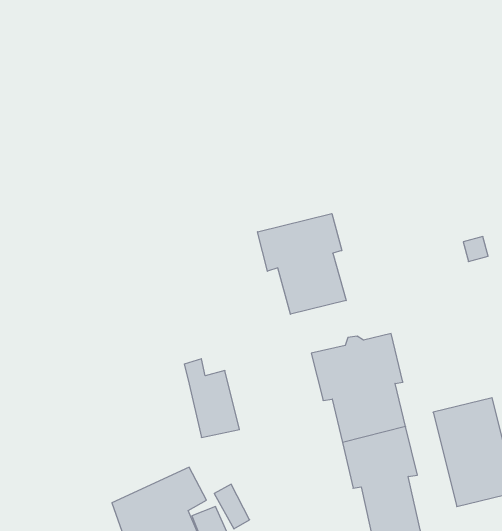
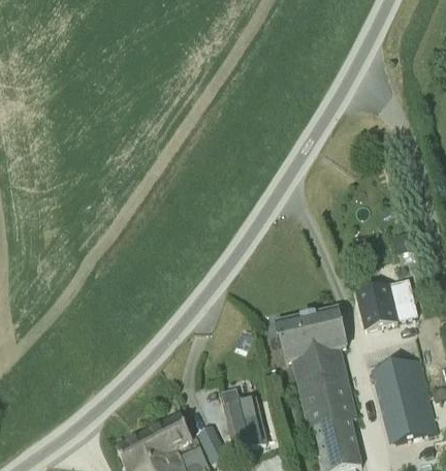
building: [258,214,346,314] -> none
building: none -> [356,279,417,327]
building: [184,359,239,437] -> [223,386,266,448]

